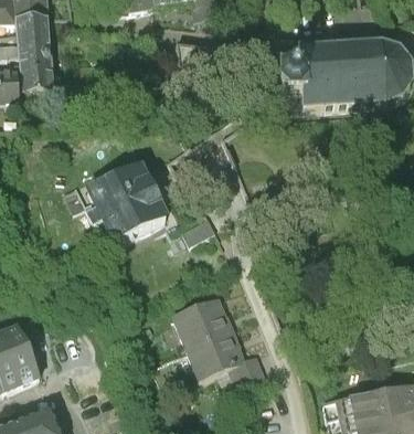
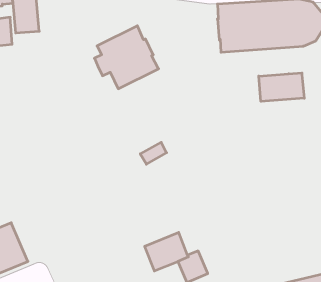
building: none -> [259,73,304,101]
building: [84,171,164,251] -> [94,26,159,89]
building: [172,303,229,352] -> none

